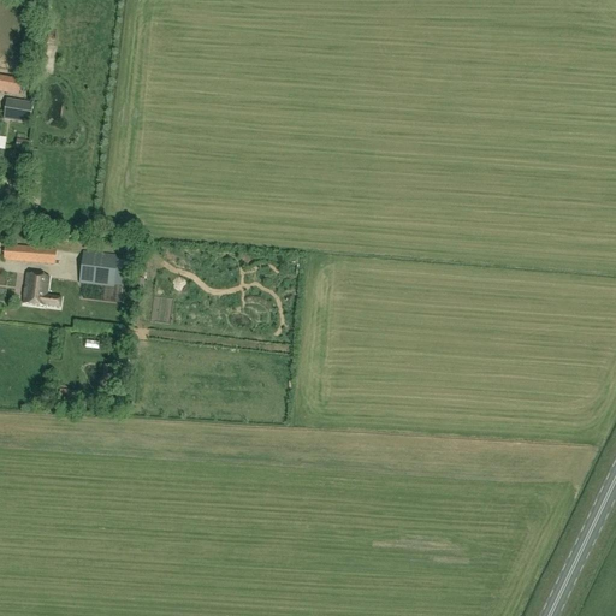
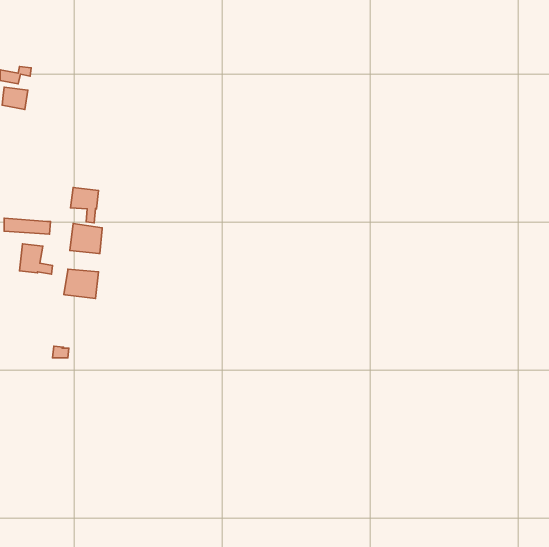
building: none -> [71,187,99,223]
building: none -> [64,269,99,299]

